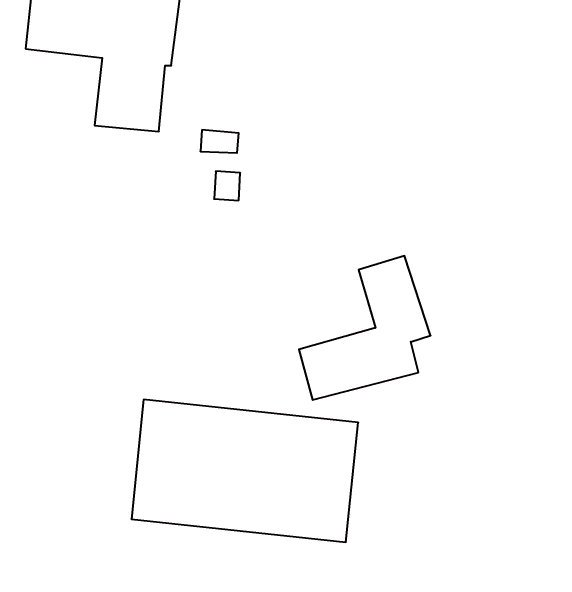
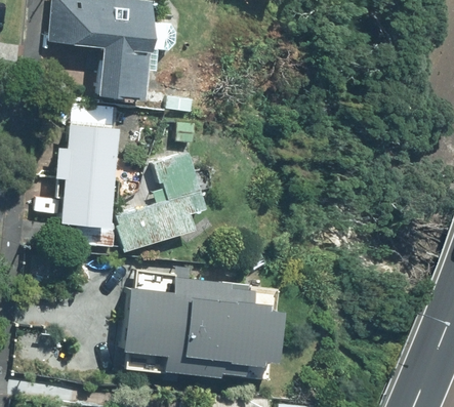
building: none -> [59,125,117,226]
building: [299,256,431,400] -> [116,155,204,251]

